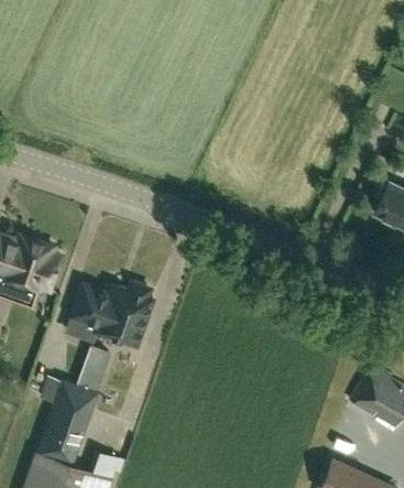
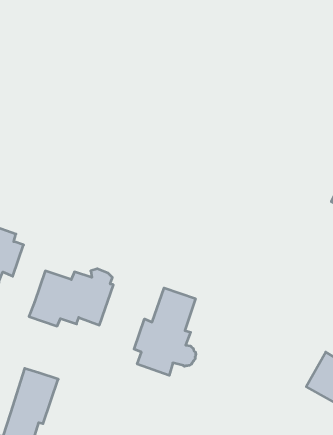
building: none -> [134,288,196,375]
building: [76,349,109,395] -> none

